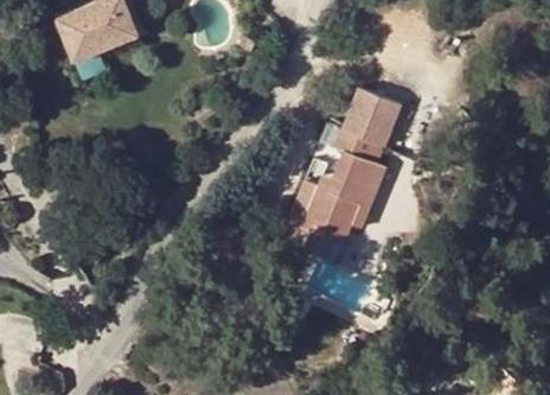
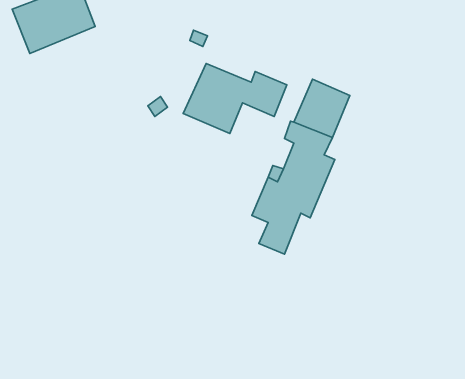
building: none -> [183,63,287,134]

